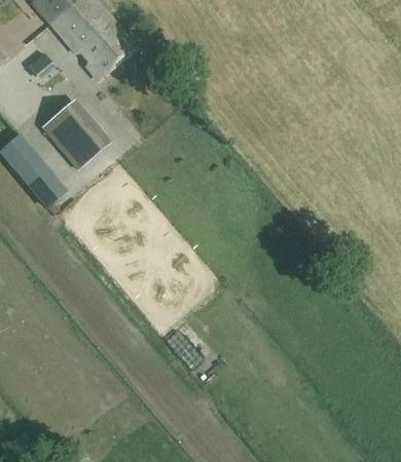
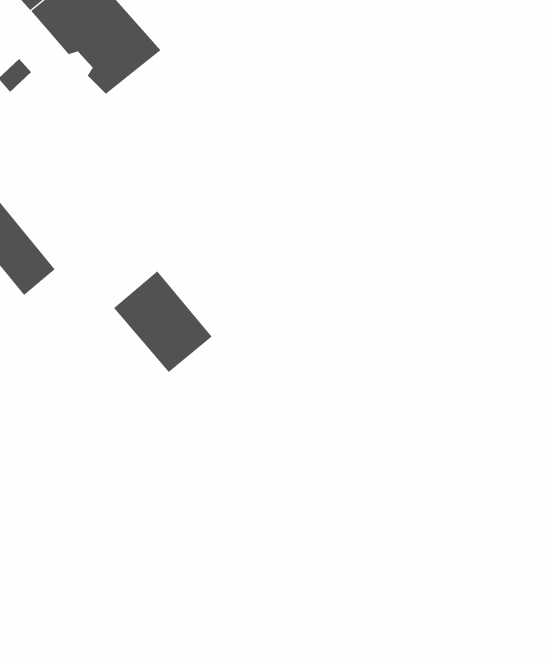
building: [43,102,108,168] -> [113,271,213,373]

